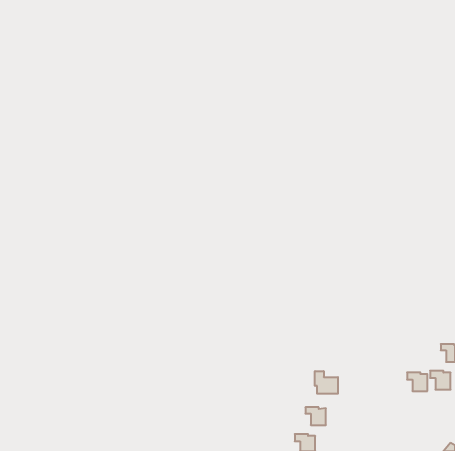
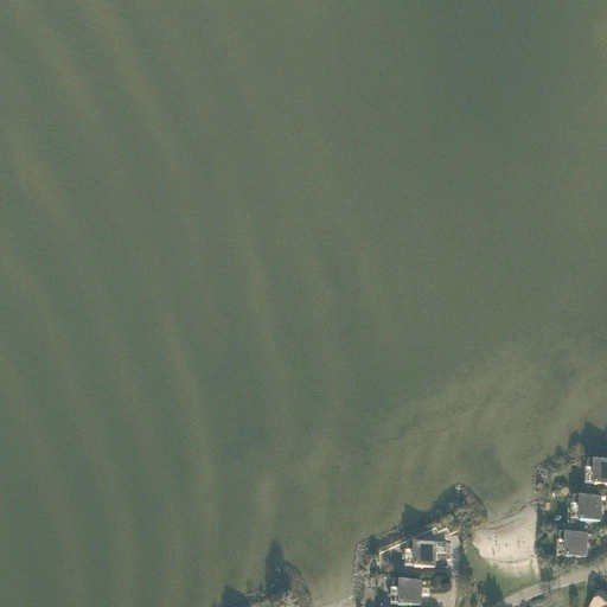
building: [315,371,338,394] -> none
building: [407,372,427,391] -> [558,530,586,555]

